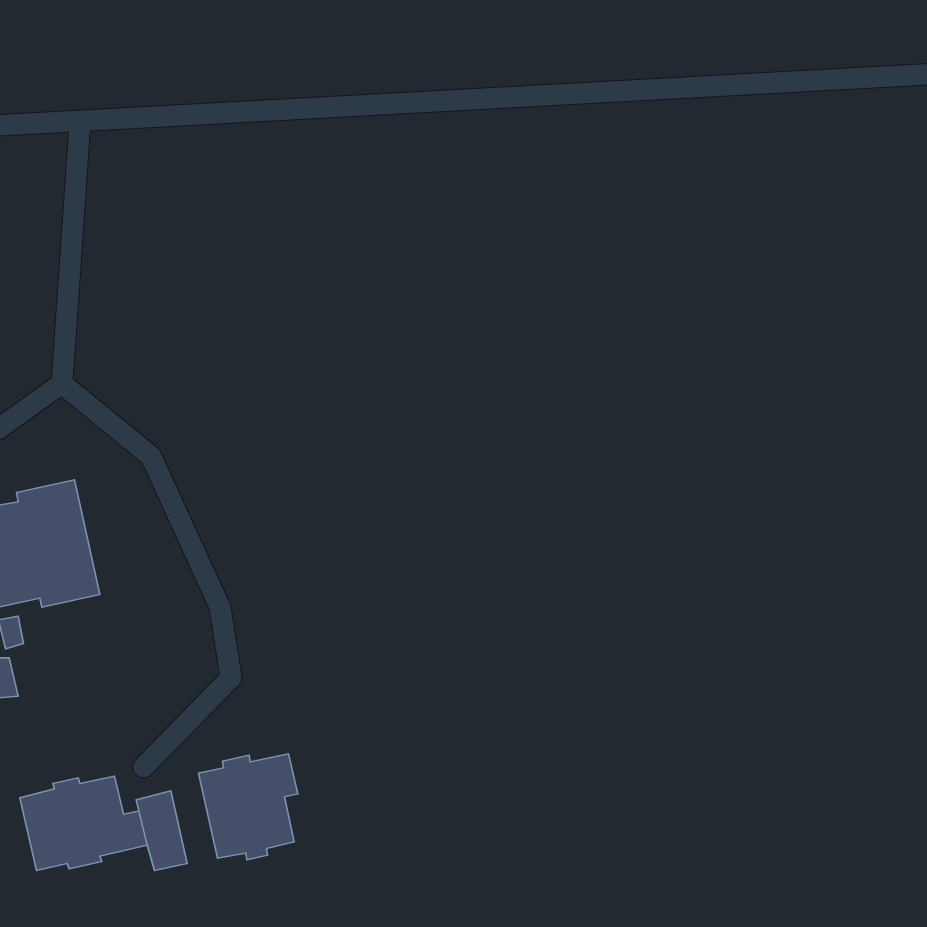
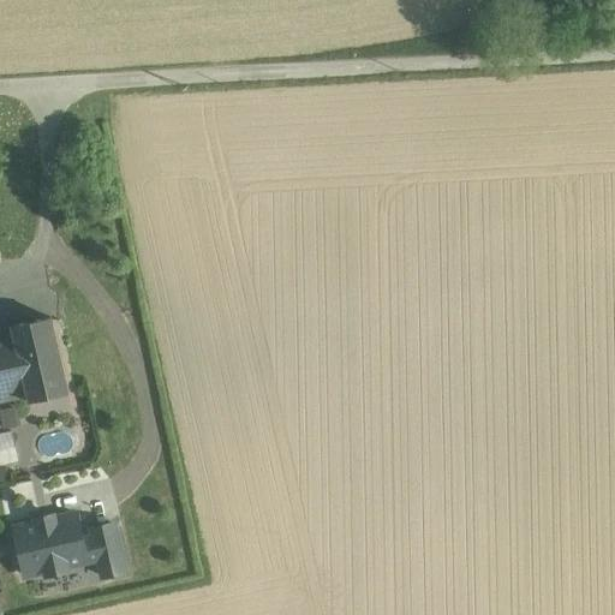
building: [198,754,298,860] -> none

